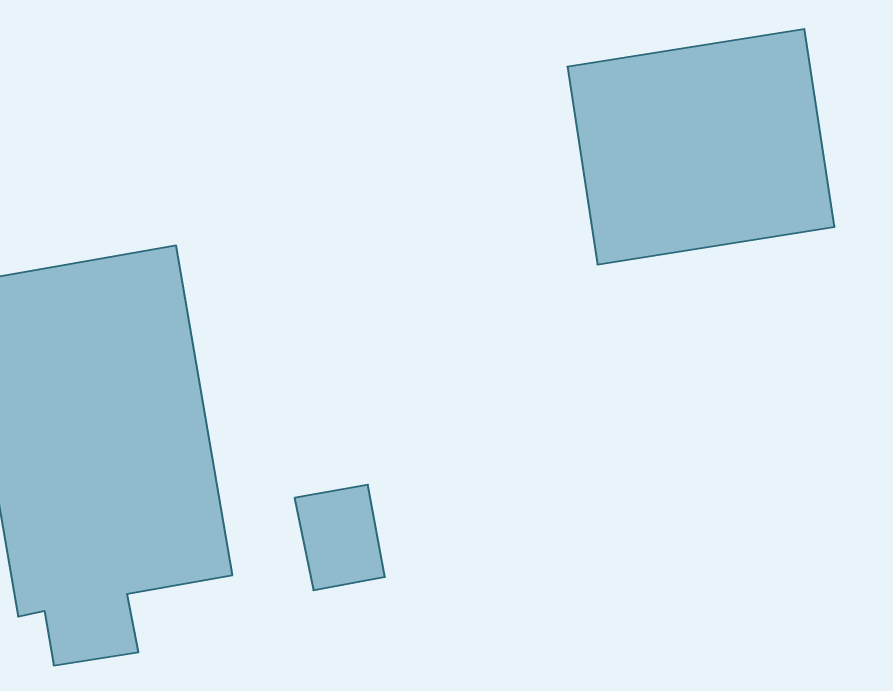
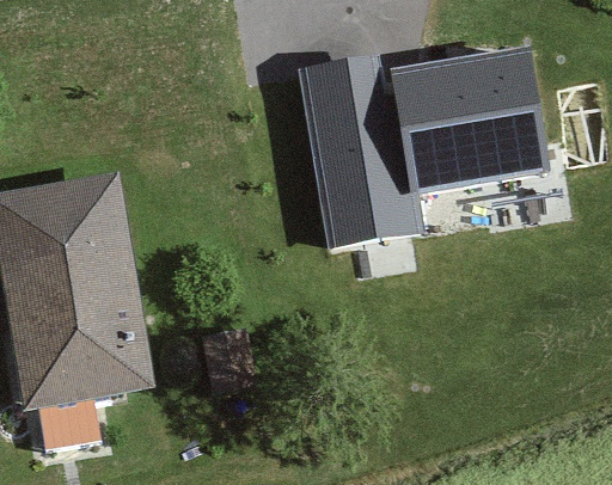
building: none -> [286,50,400,245]

